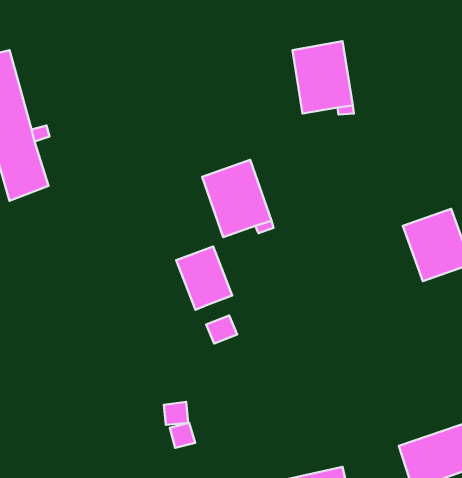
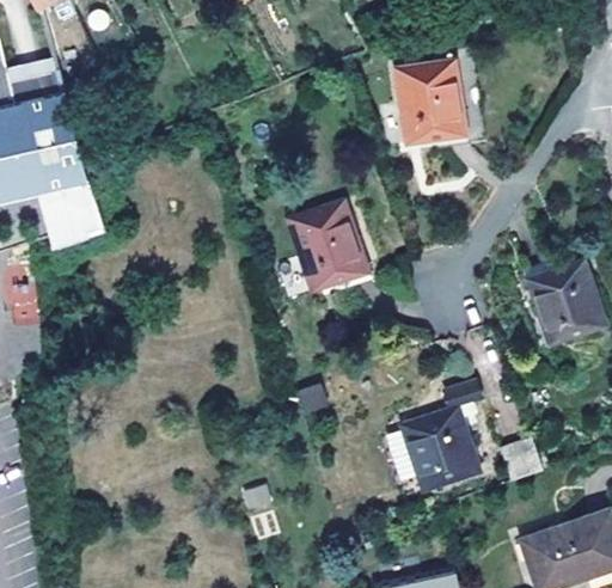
building: [176,247,232,310] -> none
building: none -> [400,381,481,490]
building: none -> [500,437,543,479]

